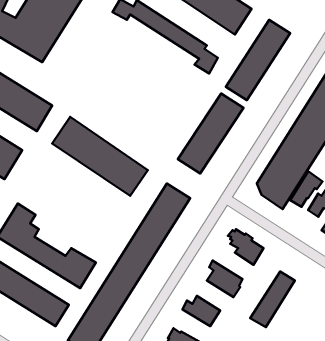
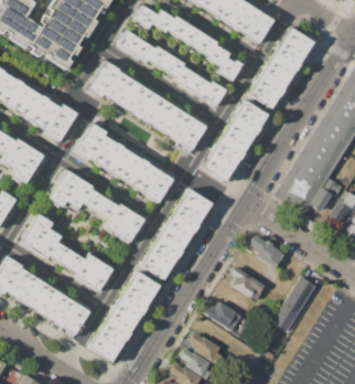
building: none -> [120,32,224,106]
building: none -> [90,63,207,152]
building: none -> [49,170,146,244]

